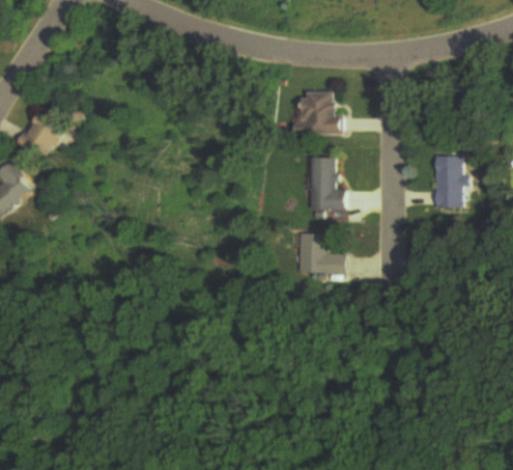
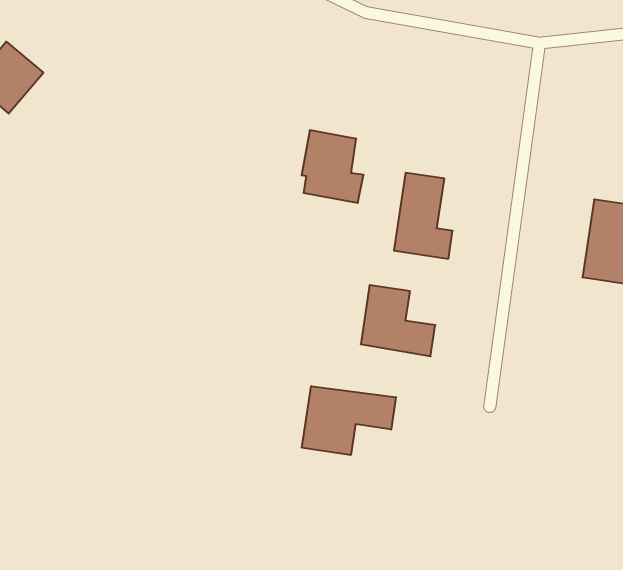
building: [301,92,341,135] -> [302,130,364,203]
building: none -> [302,386,396,455]

